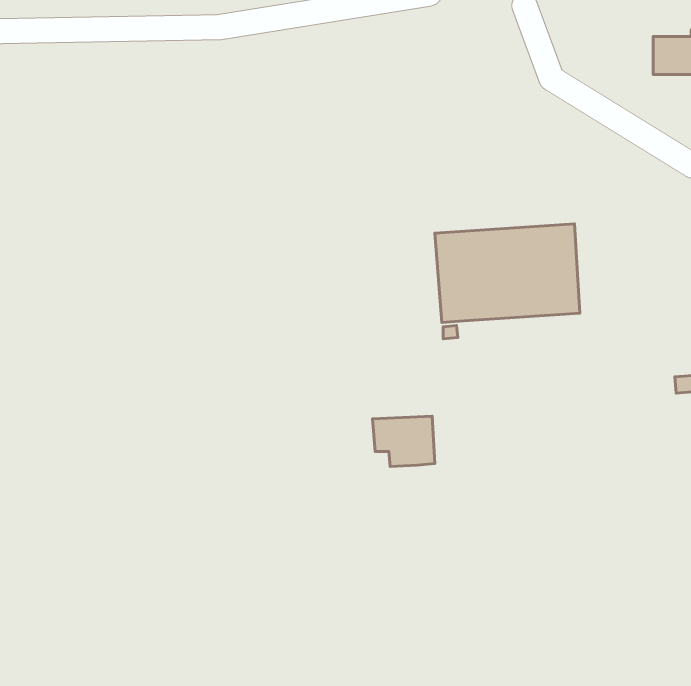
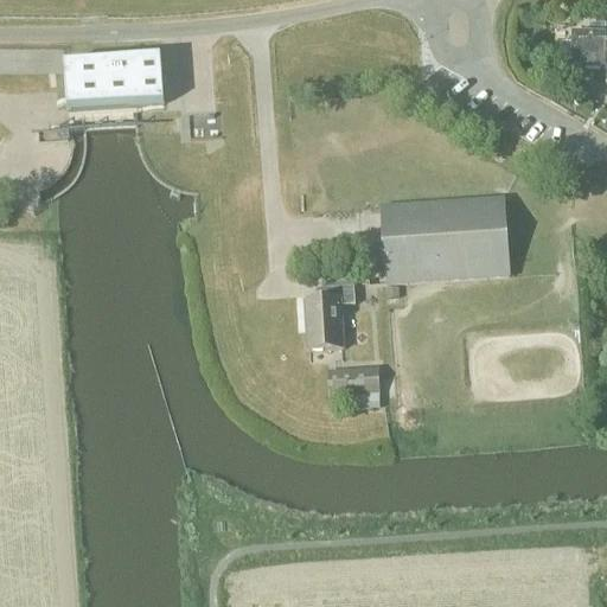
building: none -> [65,56,164,108]
building: none -> [306,277,356,349]

